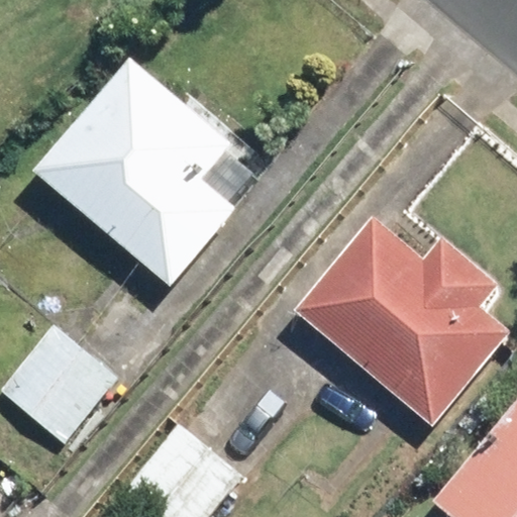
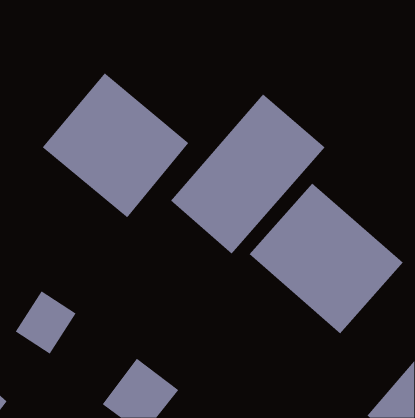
building: none -> [170,94,325,255]

